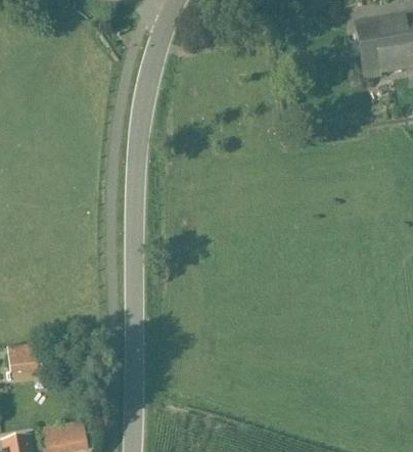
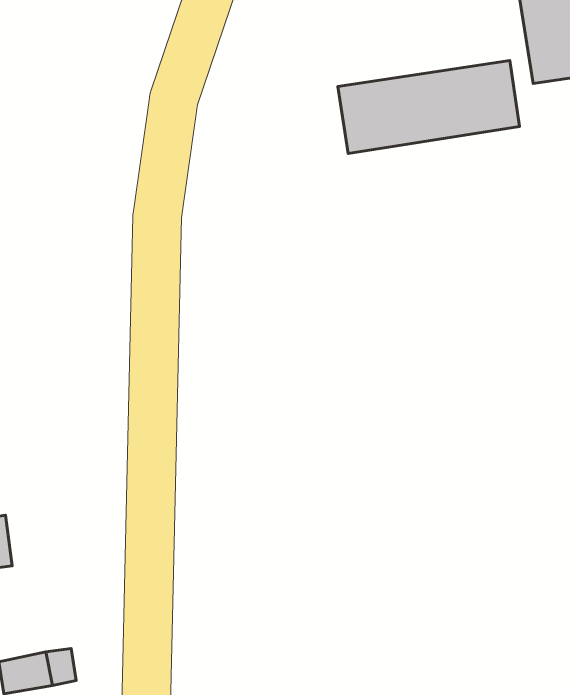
building: none -> [338,61,519,153]

